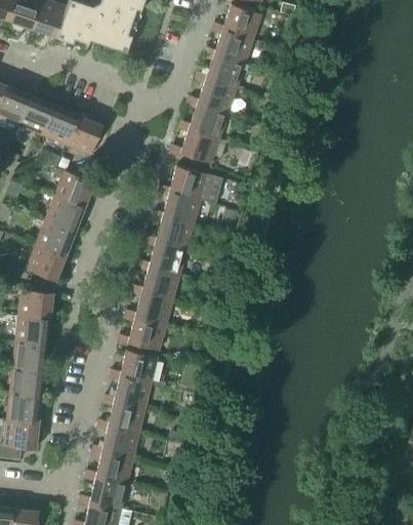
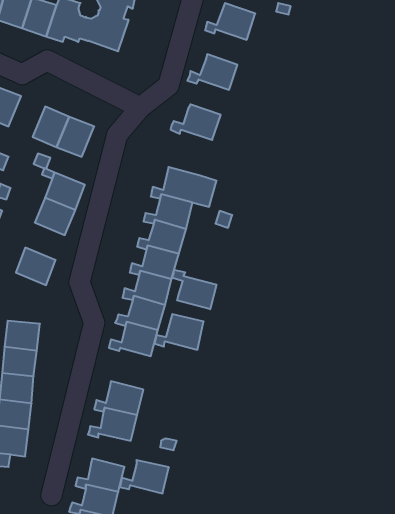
building: [203,30,253,65] -> none
building: [187,79,236,114] -> none
building: [19,95,55,135] -> none
building: [170,128,219,163] -> none
building: [36,219,75,256] -> none
building: none -> [172,270,216,309]
building: [18,289,53,319] -> none
building: [110,349,158,383] -> [155,314,204,350]
building: [91,427,139,459] -> [120,460,169,493]

